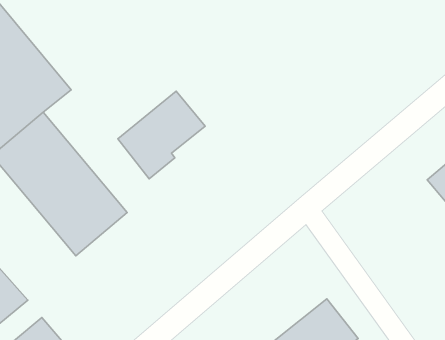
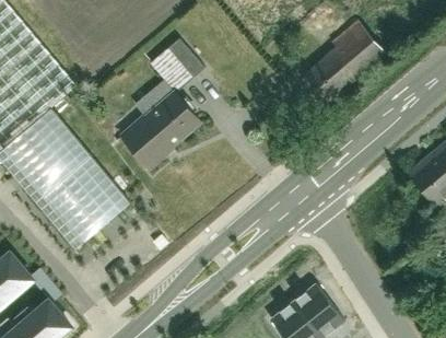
building: none -> [306,19,387,101]
building: none -> [154,39,203,89]

